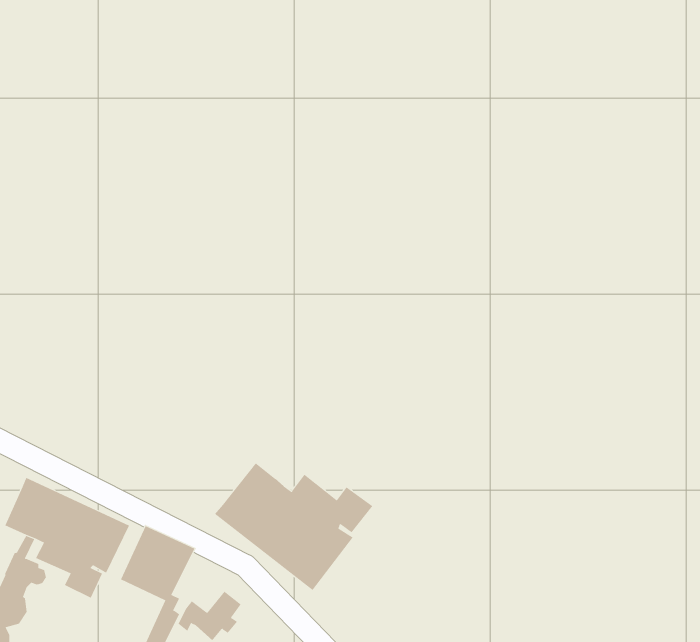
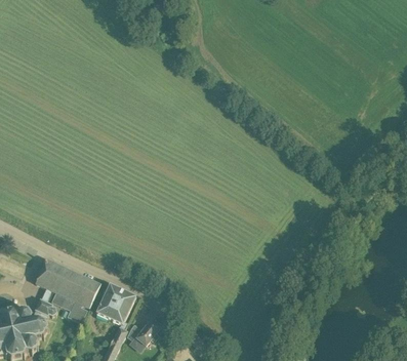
building: [214,463,373,591] -> none

